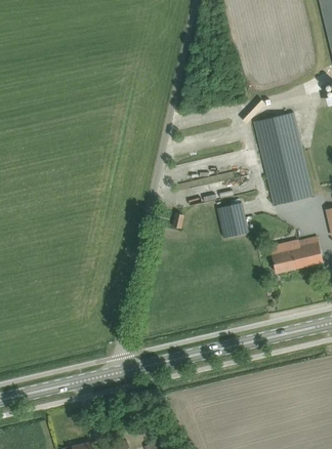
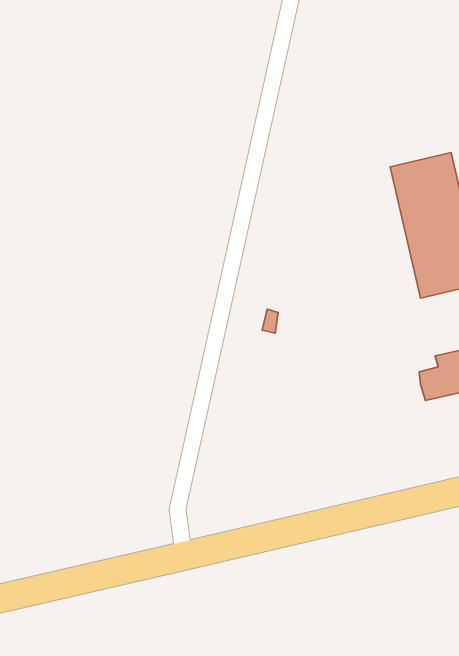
building: [216,203,248,239] -> none

